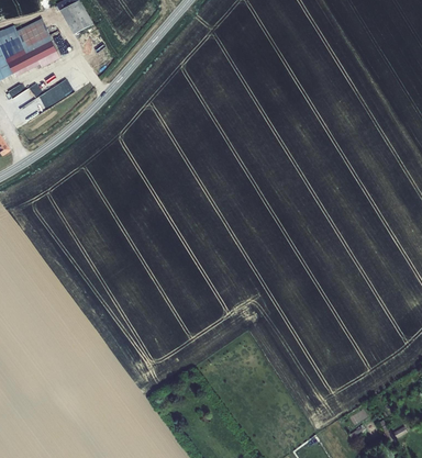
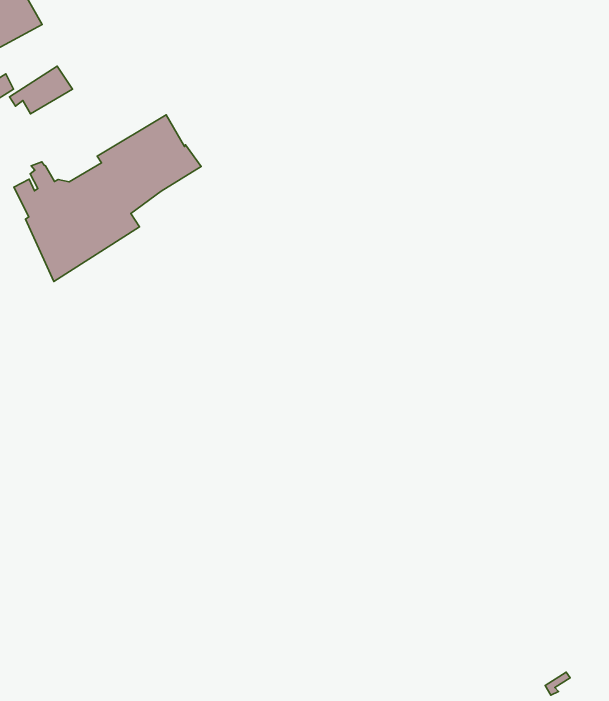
building: none -> [14,115,201,282]

